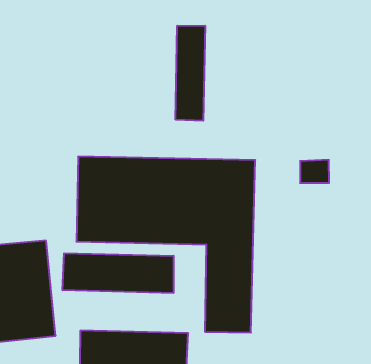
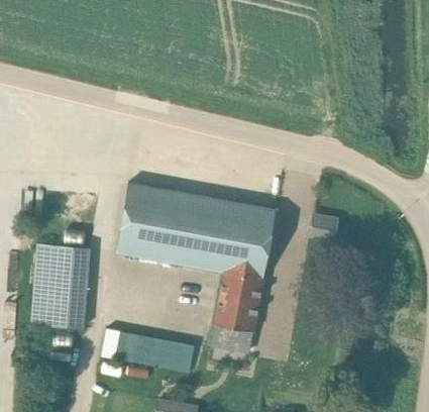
building: [176,26,205,121] -> none
building: [63,253,174,293] -> none

